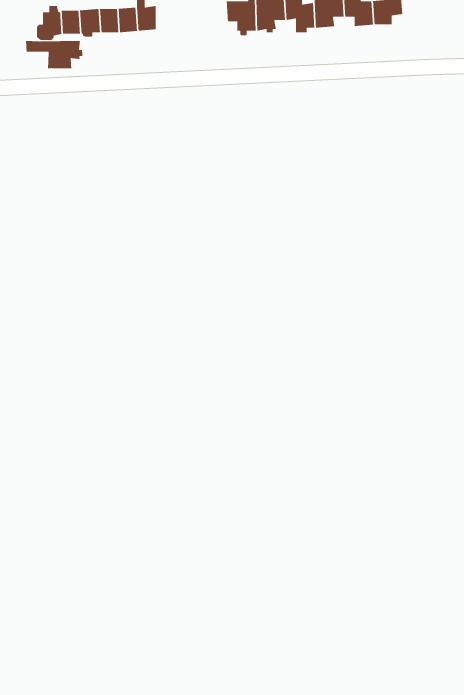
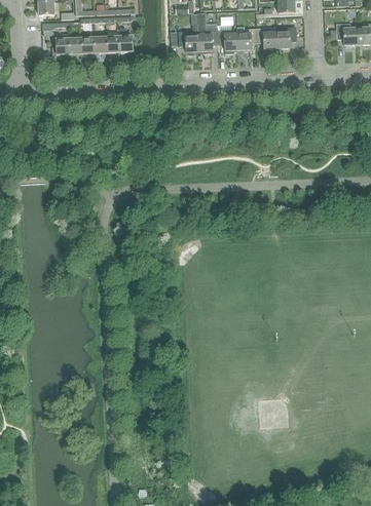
building: [25,40,83,69] -> none

